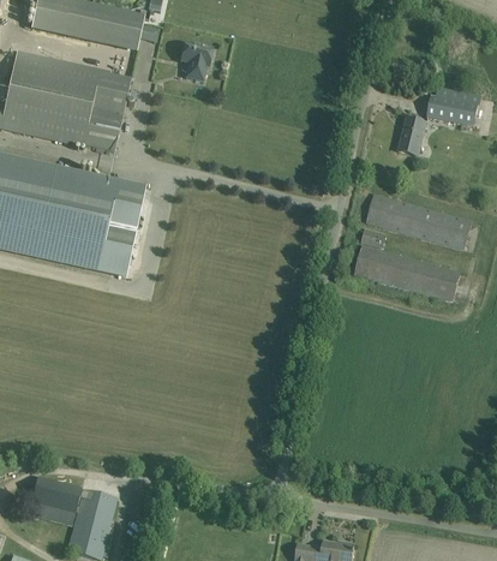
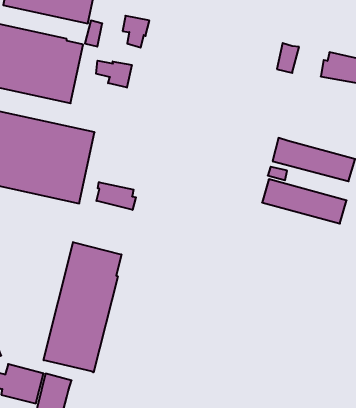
building: none -> [96,61,132,88]
building: [399,118,426,155] -> [277,43,299,73]
building: none -> [96,182,136,210]
building: none -> [44,242,121,372]

